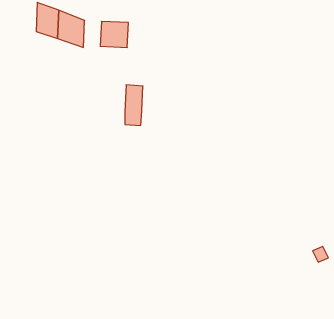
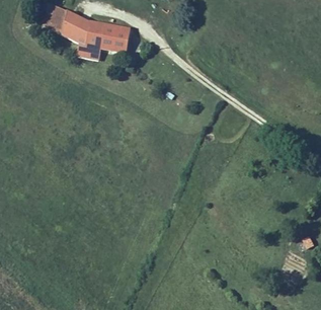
building: [125,85,143,125] -> [93,24,109,61]

